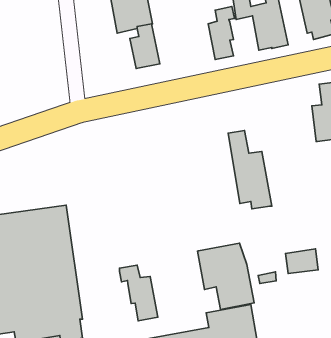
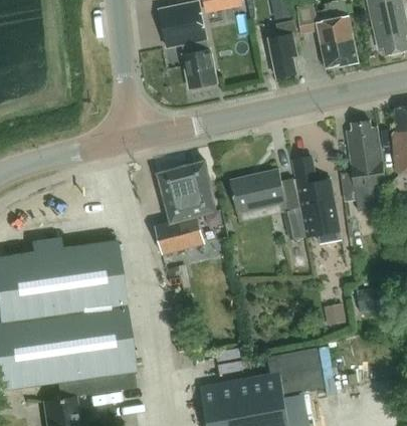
building: none -> [341,121,387,213]
building: none -> [154,159,217,250]
building: none -> [229,166,306,240]
building: [197,243,254,309] -> none
building: [119,265,158,321] -> none

